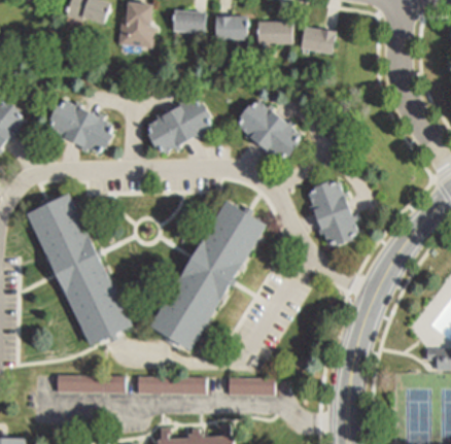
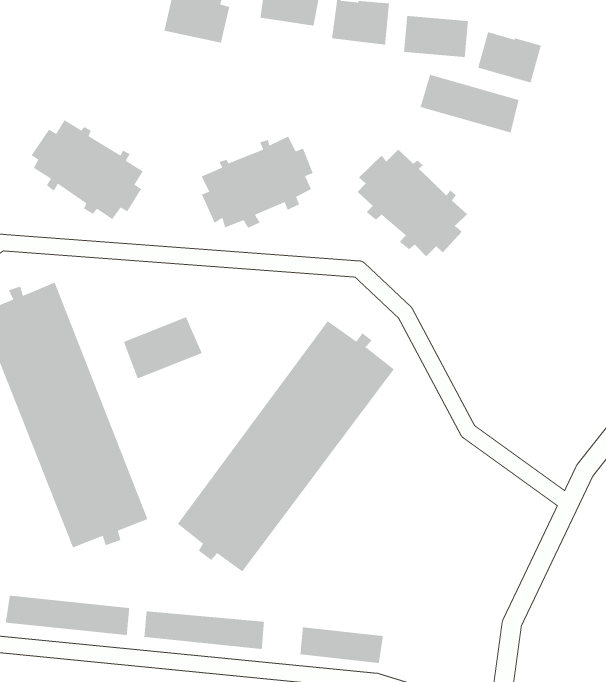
building: none -> [419,74,519,133]
building: [307,180,358,246] -> none
building: none -> [123,316,203,379]

